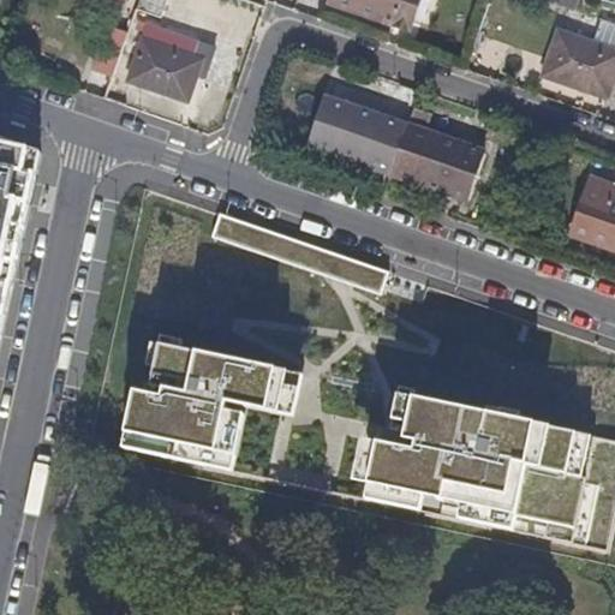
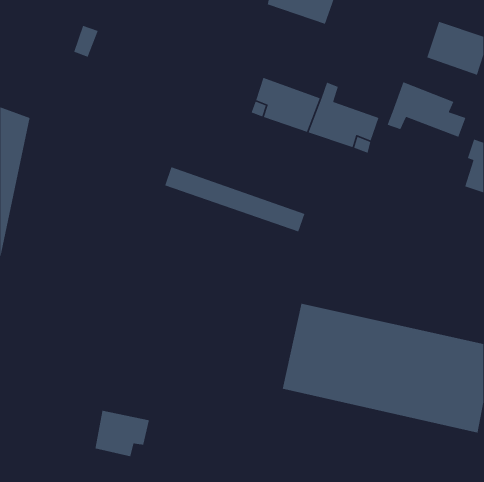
building: [126,34,213,97] -> none
building: none -> [386,81,467,138]
building: [119,340,298,471] -> none
building: none -> [94,410,150,457]

